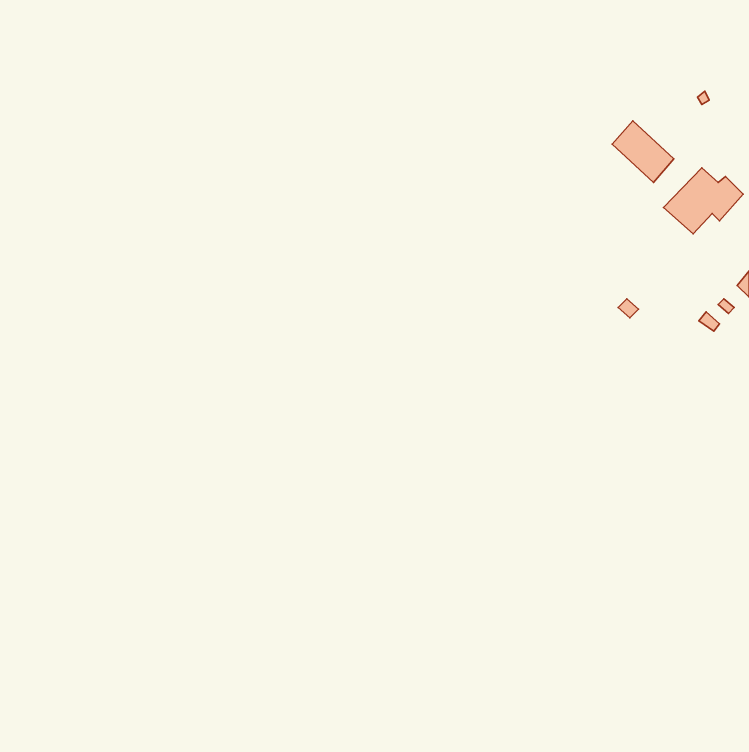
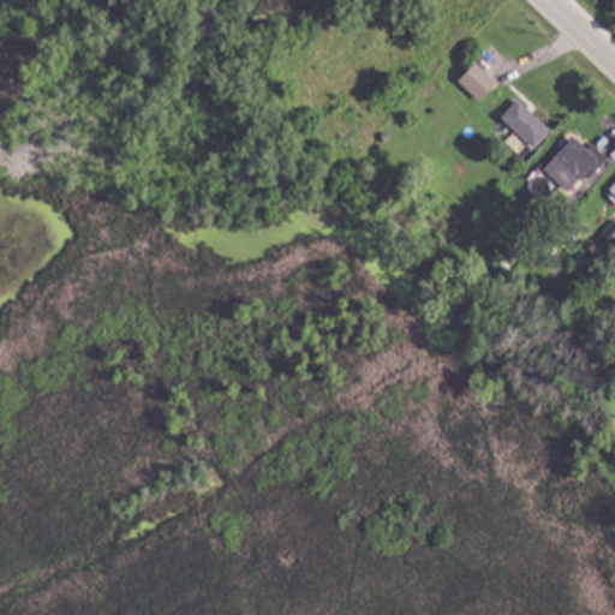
building: none -> [452,64,491,102]

